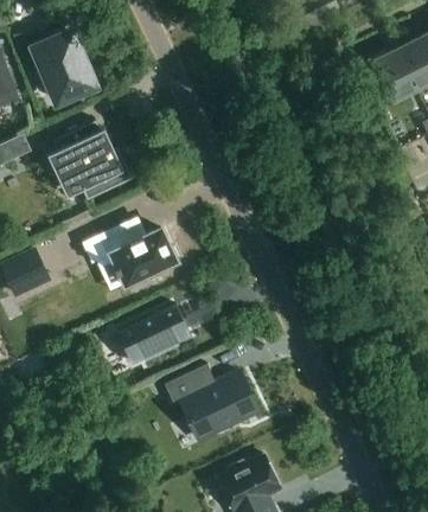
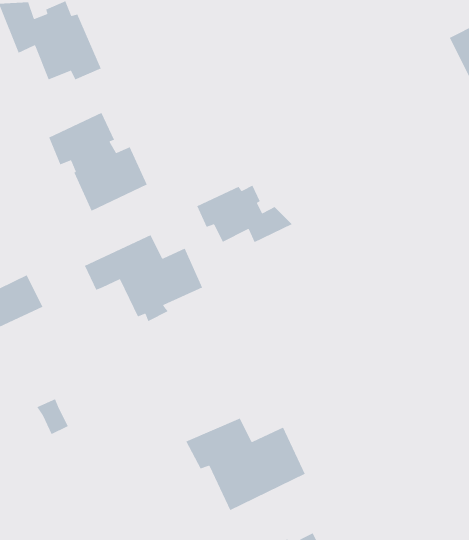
building: none -> [196,184,293,243]
building: [117,306,191,364] -> none

